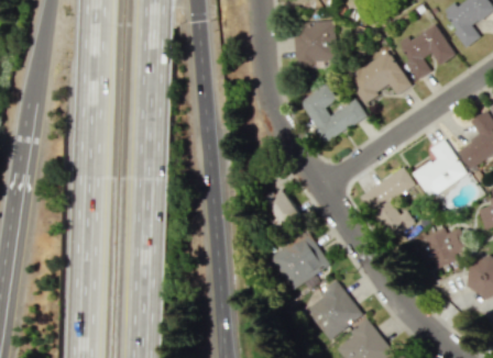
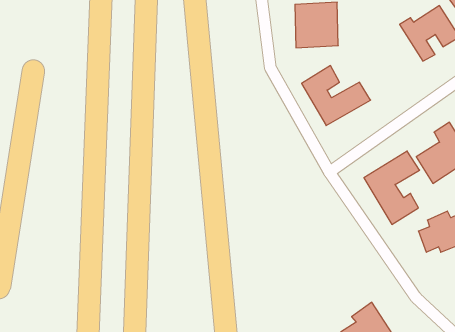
building: [347,48,412,102] -> none
building: [266,188,299,225] -> none
building: [271,232,330,290] -> none
building: [307,279,362,339] -> none

